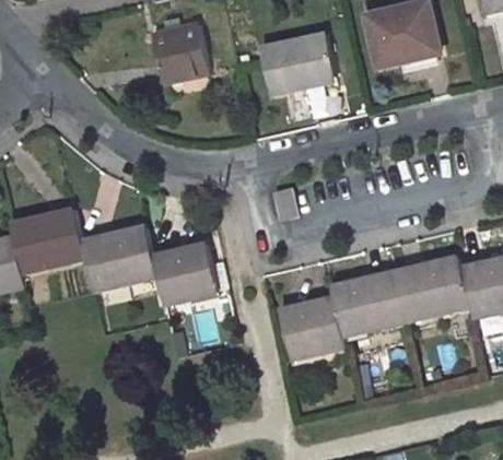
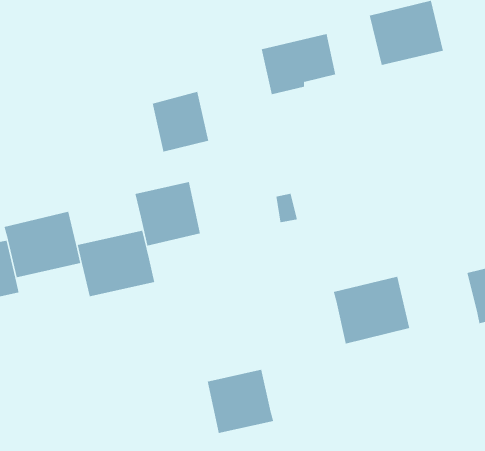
building: [152,23,208,83] -> [152,91,209,153]
building: [152,241,217,305] -> [134,181,201,246]
building: [394,256,470,321] -> none
building: [280,297,346,361] -> [207,369,274,434]

